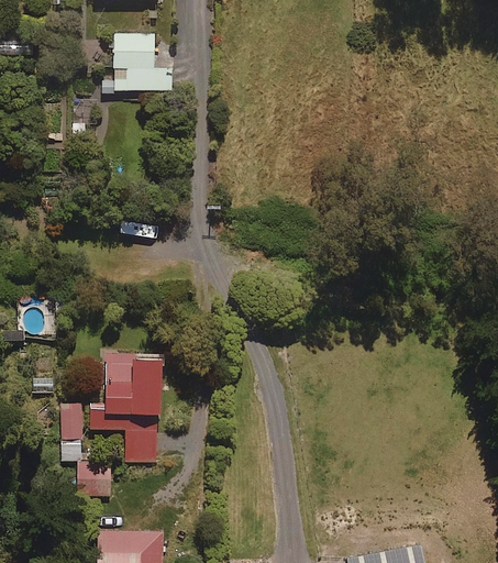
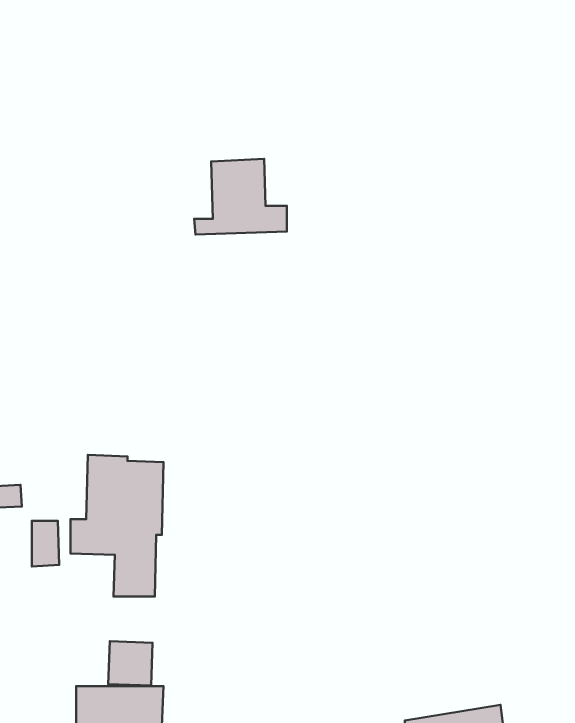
building: [100,33,171,91] -> [194,159,287,234]
building: [77,462,111,496] -> [108,641,153,686]

